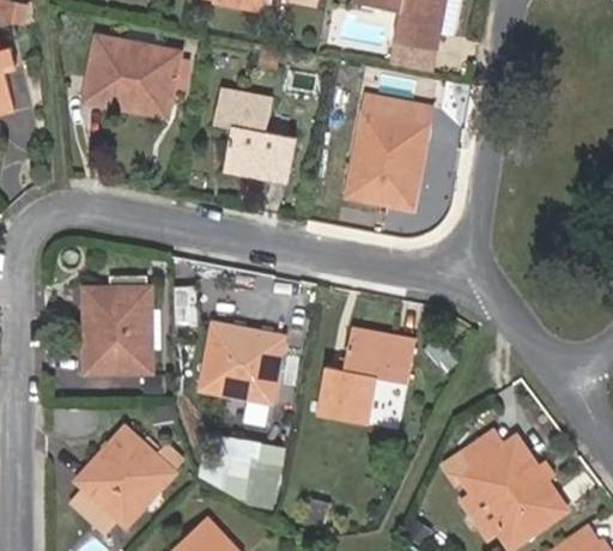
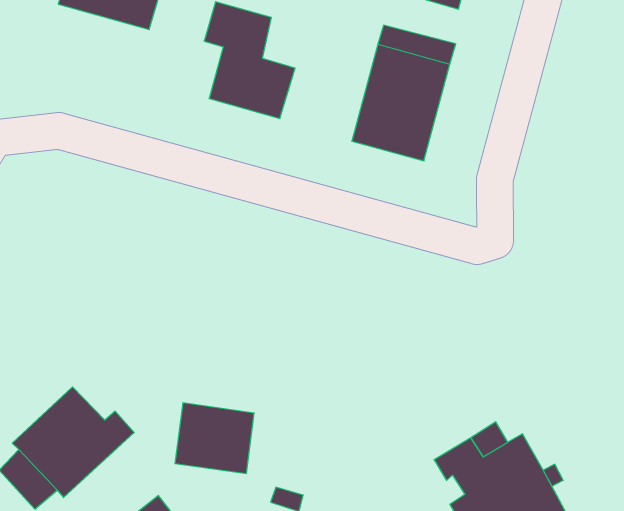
building: [85,277,151,370] -> none
building: [202,325,283,401] -> none
building: [316,327,414,423] -> none

